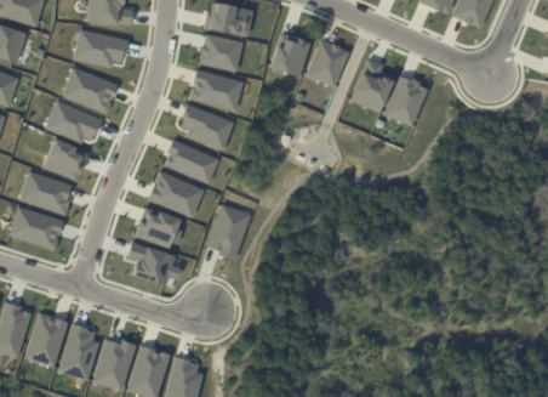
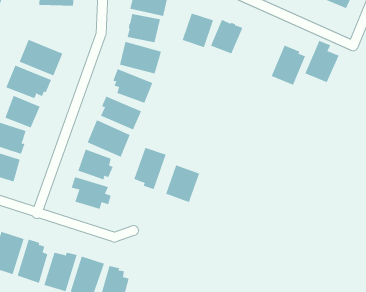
building: [73,28,127,67] -> none
building: [349,57,394,112] -> [305,40,340,83]
building: none -> [165,165,200,203]

